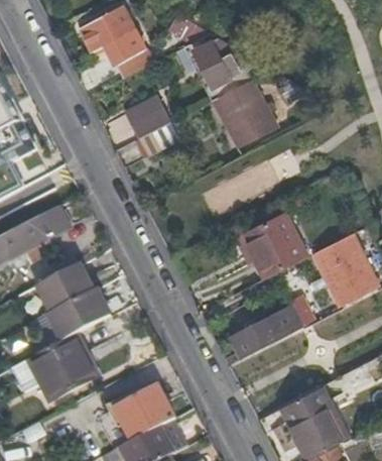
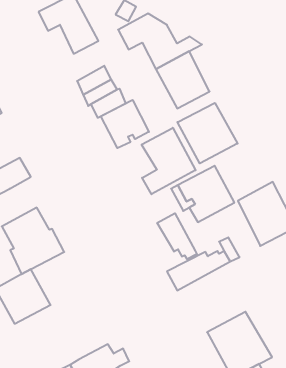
building: none -> [101,100,149,148]
building: none -> [177,103,238,163]
building: none -> [142,128,196,194]
building: none -> [157,213,197,259]
building: [105,382,169,442] -> none

